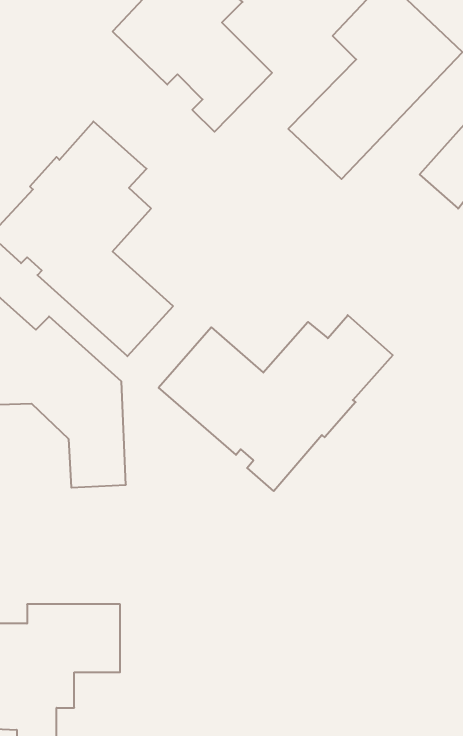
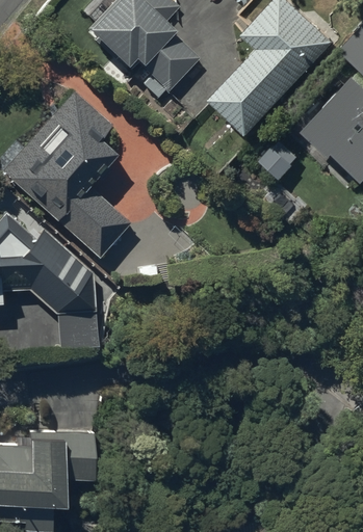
building: [159,315,393,491] -> none

